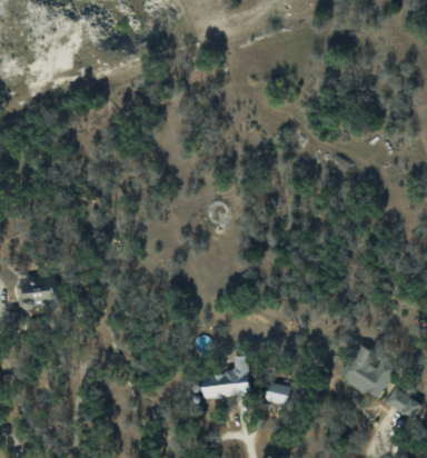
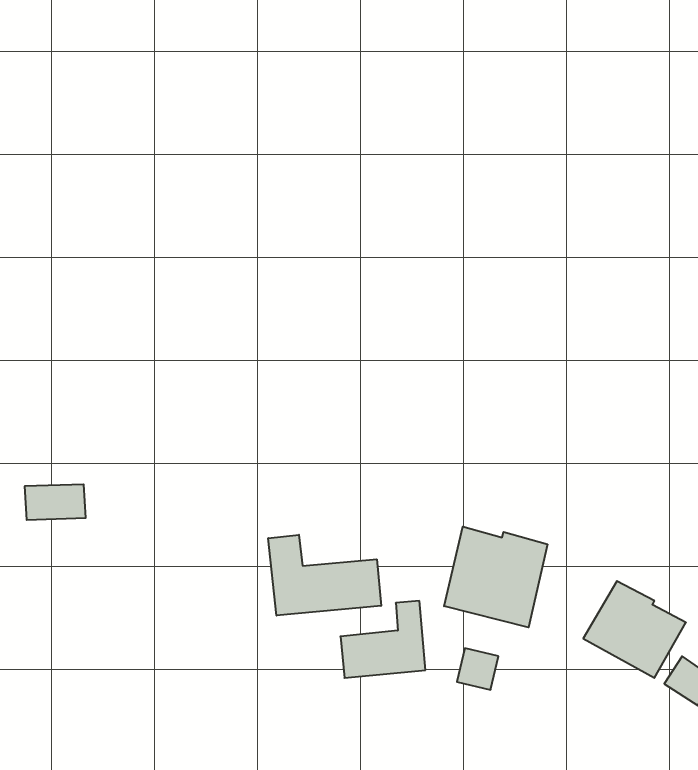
building: none -> [444,527,547,627]
building: none -> [268,535,381,616]

